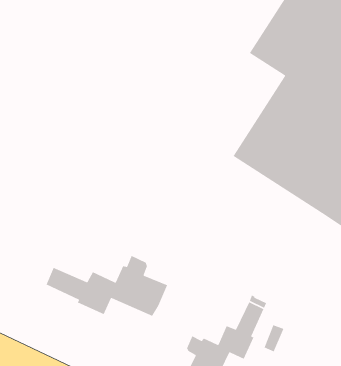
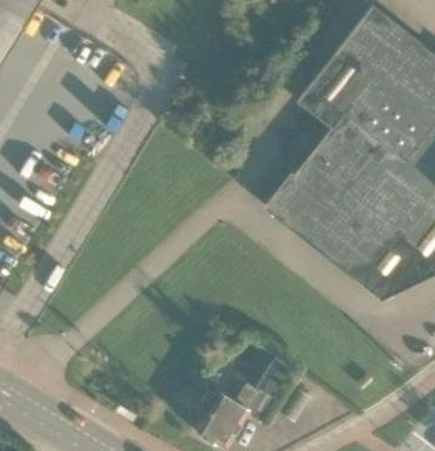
building: [45,255,168,317] -> none

